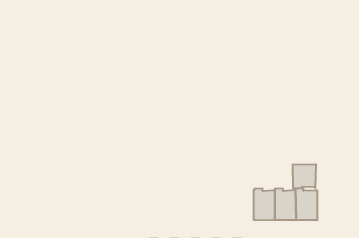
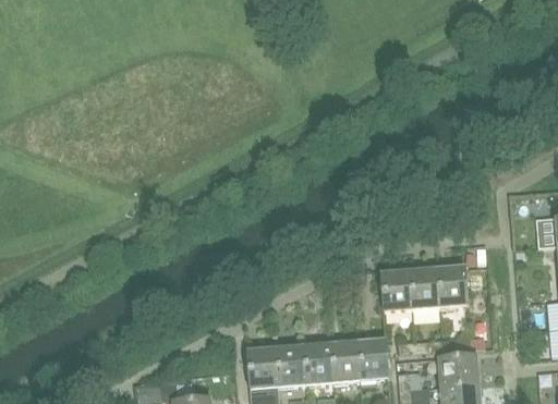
building: [293,164,316,189] -> none

